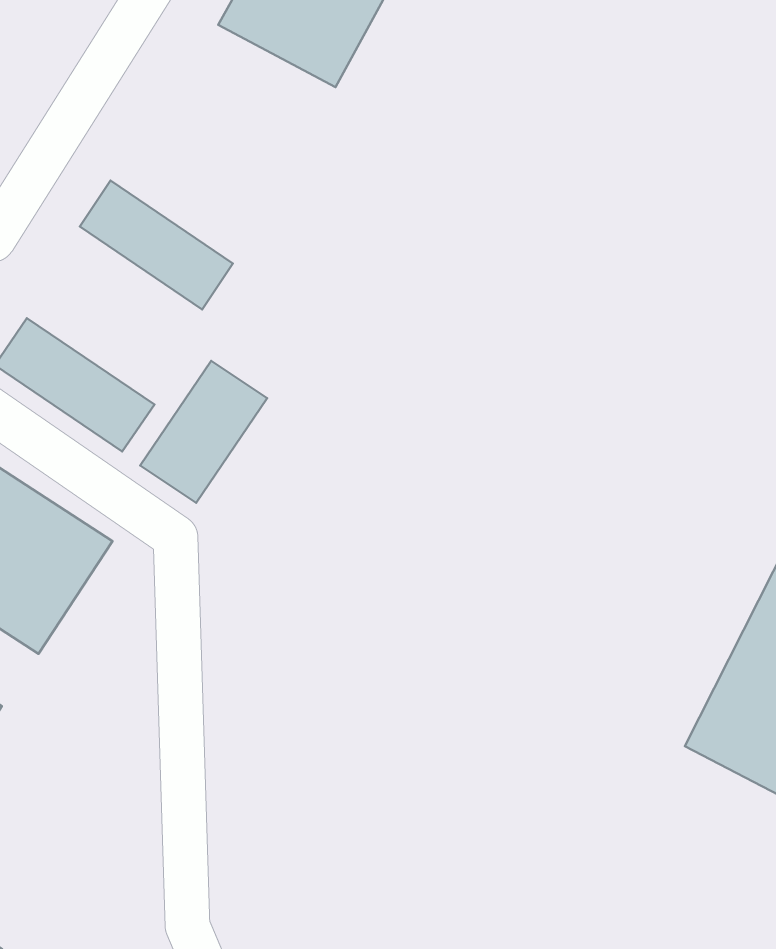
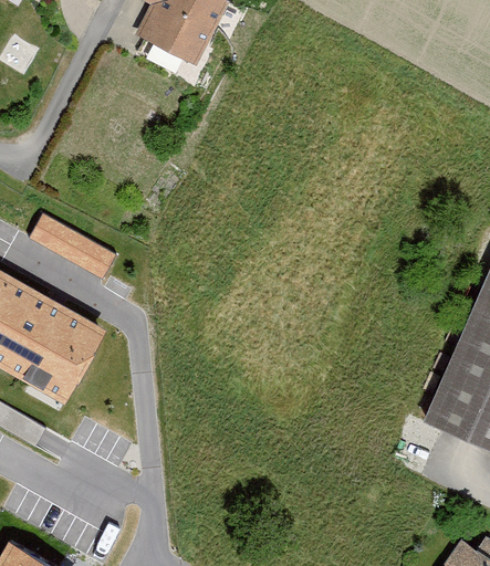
building: [80,181,233,309] -> none
building: [140,361,267,503] -> none

